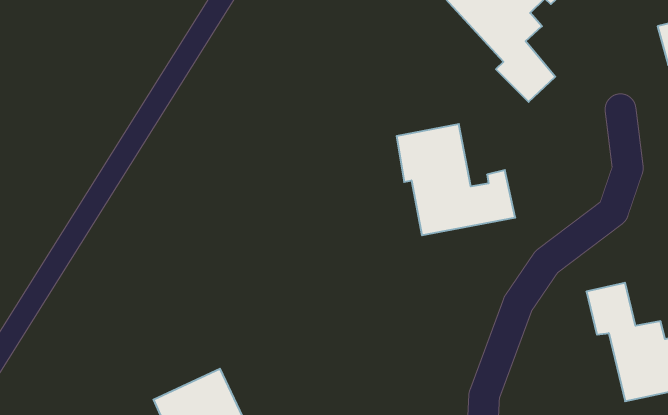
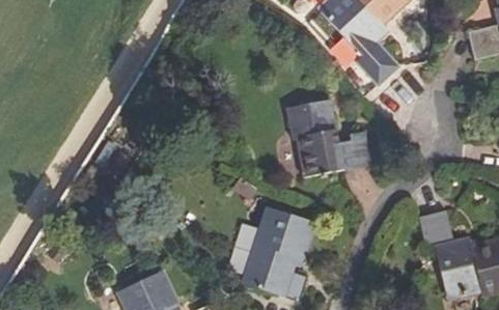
building: none -> [242,207,314,297]

